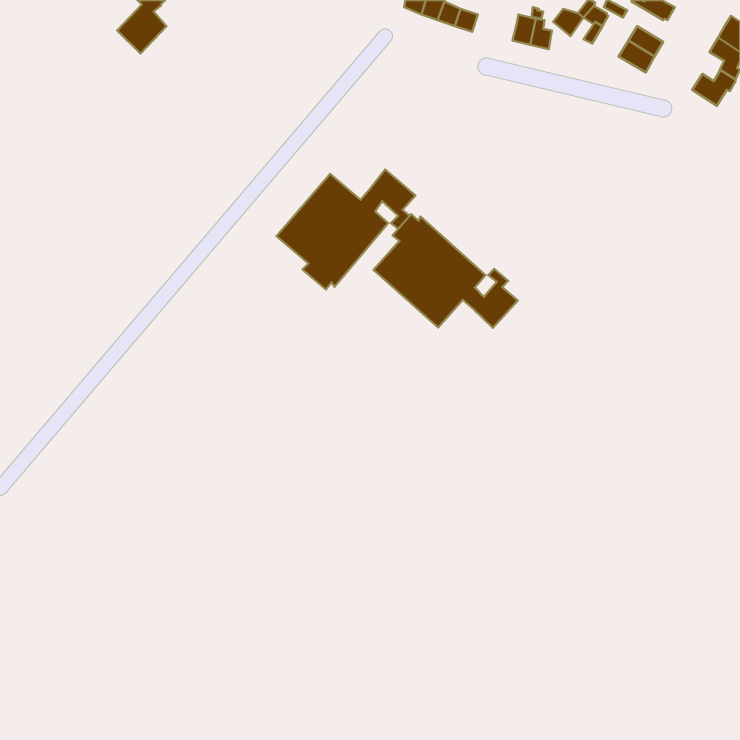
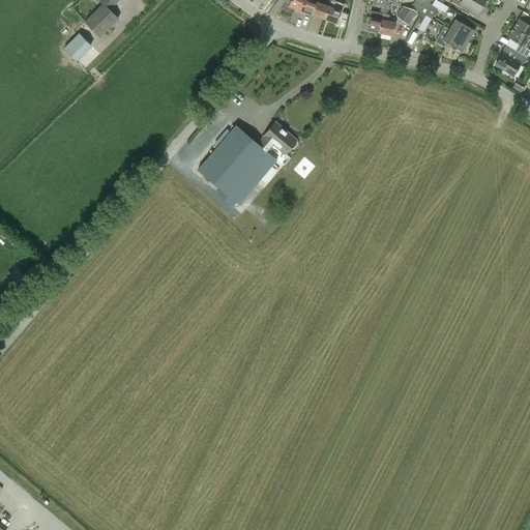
building: none -> [60,32,89,61]
building: [374,214,518,328] -> none

